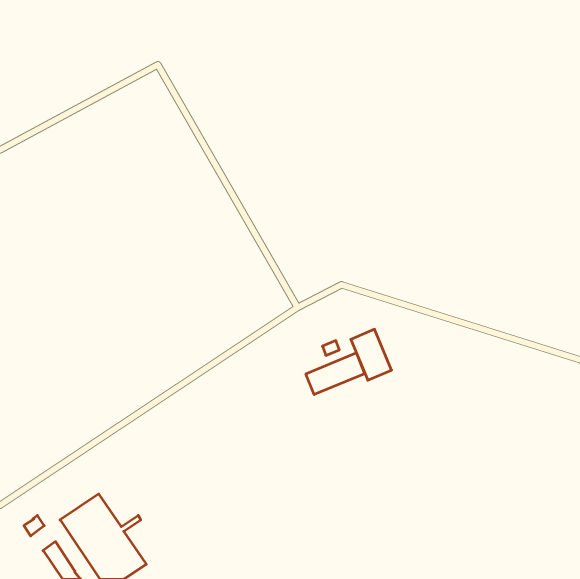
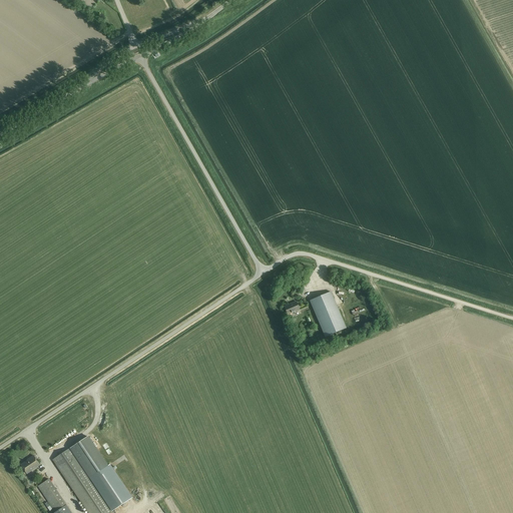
building: [306,353,364,395] -> none

